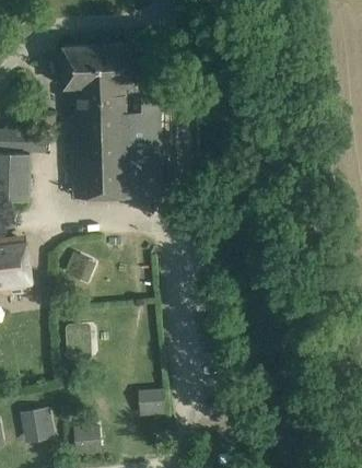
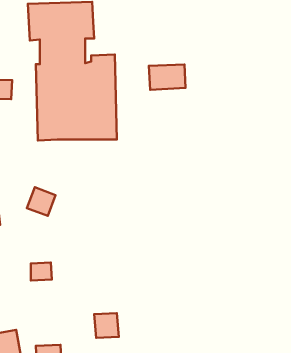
building: none -> [149,65,185,90]

